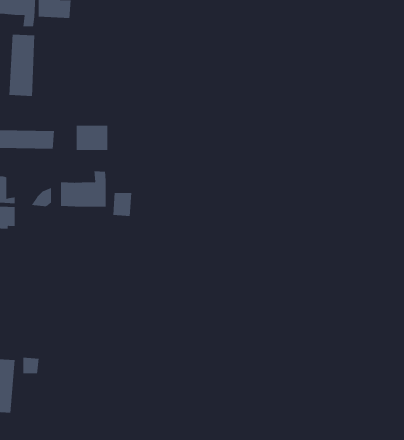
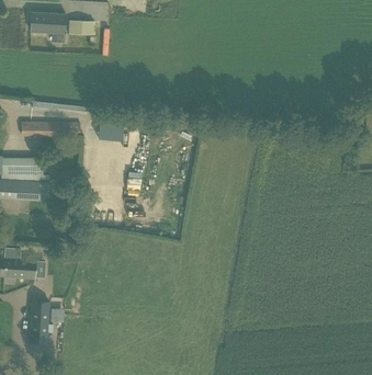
building: [9,34,35,97] -> none
building: [61,171,106,208] -> none

